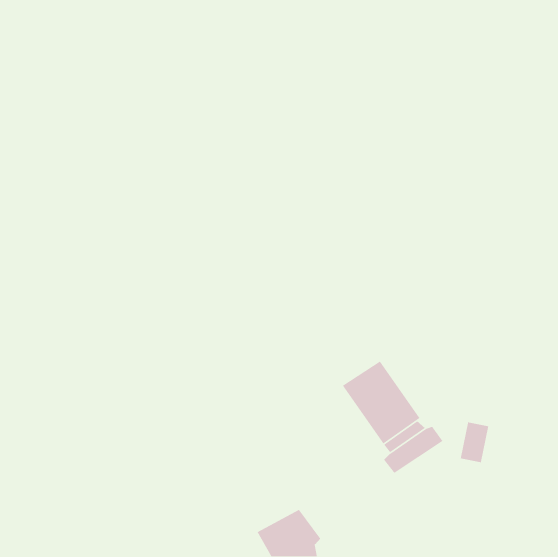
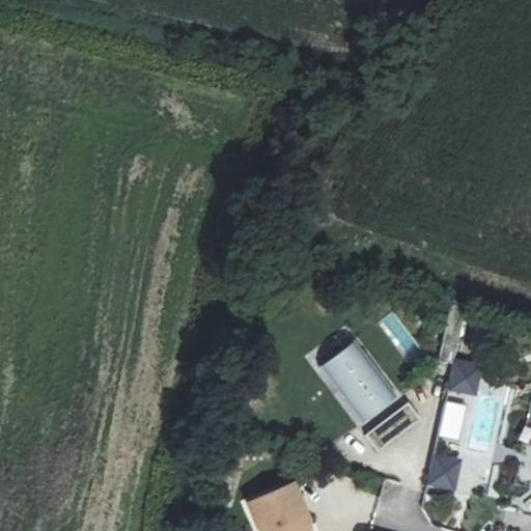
building: none -> [447,359,480,396]
building: none -> [425,454,456,490]

